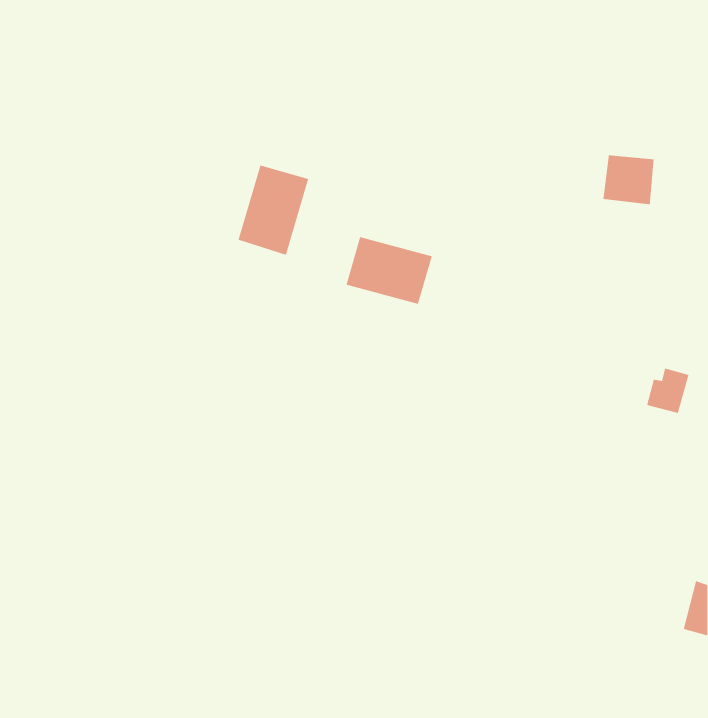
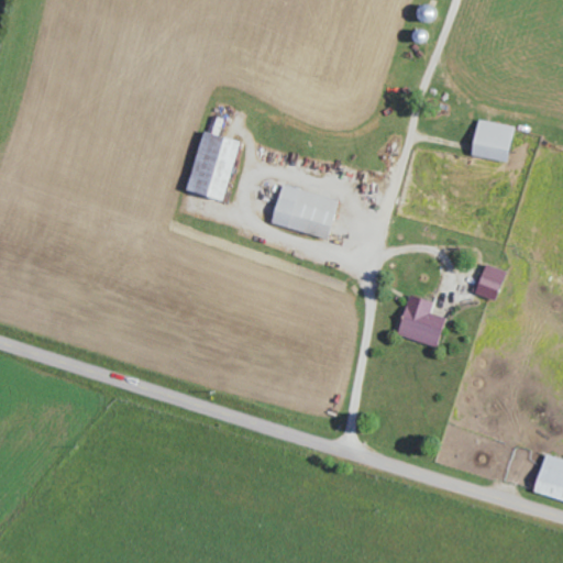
building: [646,368,690,414] -> [470,264,504,300]
building: none -> [398,295,445,344]

